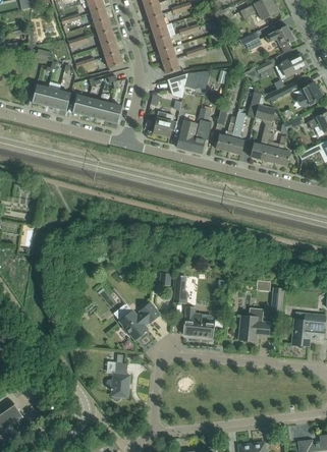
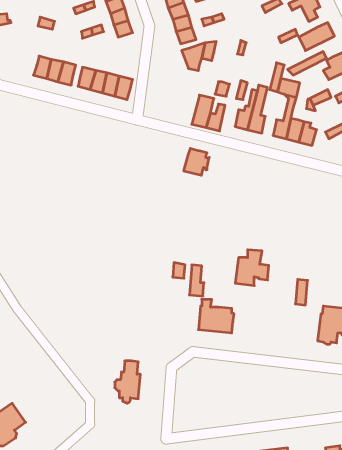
building: [153,112,176,136] -> [184,148,209,175]
building: [119,302,160,339] -> none
building: [238,308,269,341] -> [235,250,269,286]

